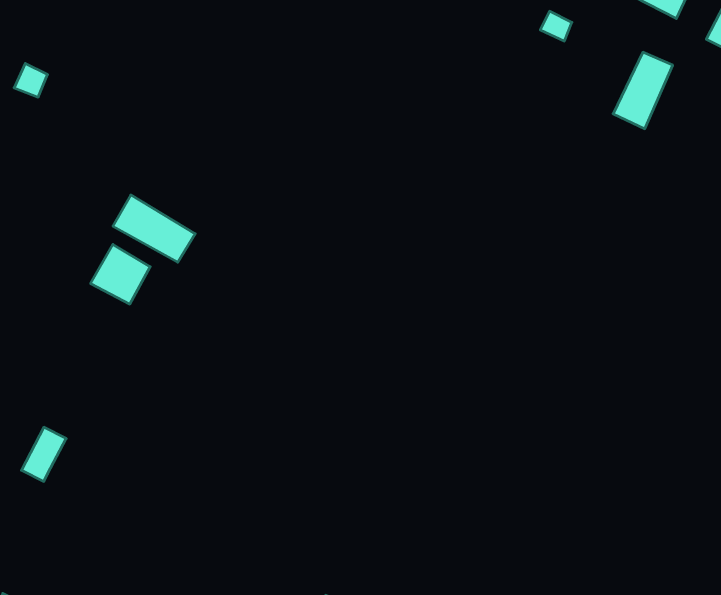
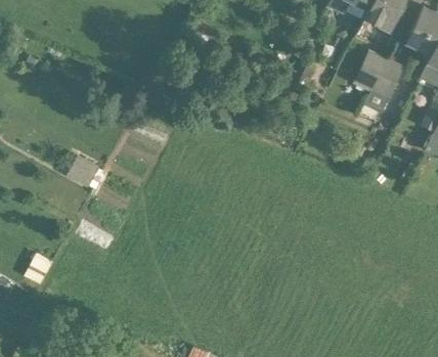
building: none -> [368,57,403,100]
building: [113,195,195,262] -> none

